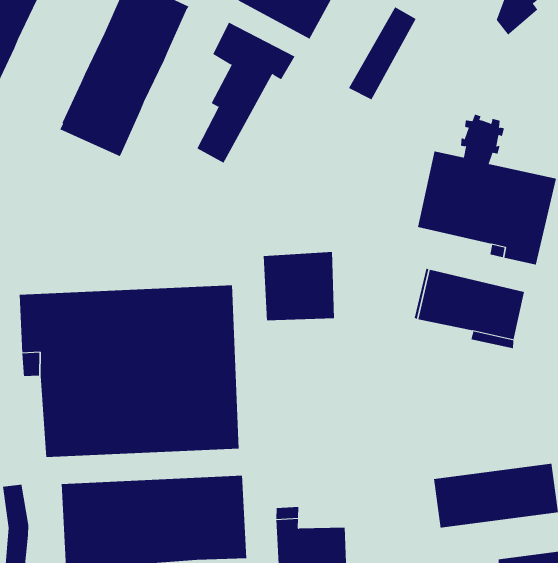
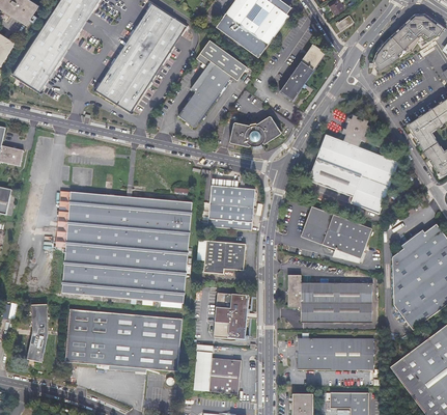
building: none -> [230,114,281,145]
building: none -> [198,237,246,274]
building: none -> [289,276,373,323]
building: none -> [213,293,247,339]

